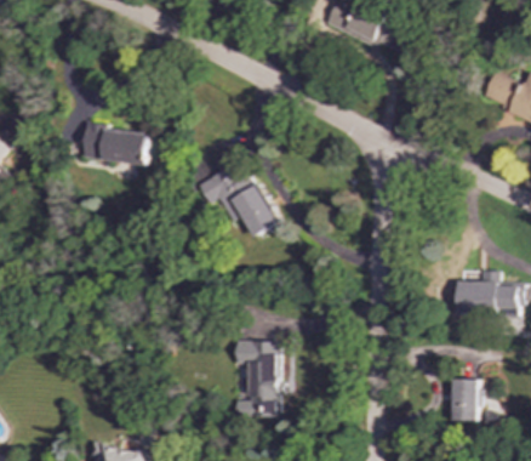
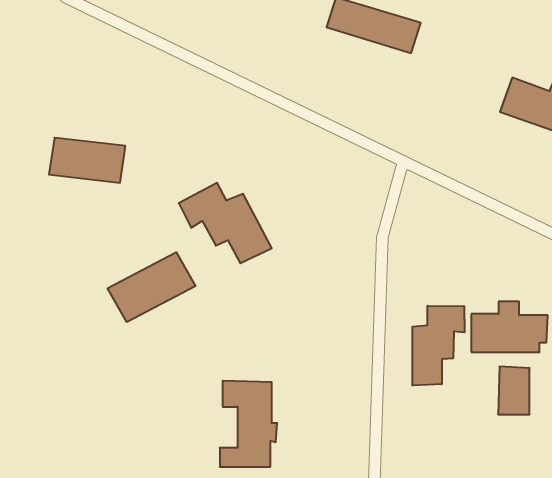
building: none -> [108,252,196,322]
building: none -> [413,306,464,386]
building: [453,377,481,420] -> [498,367,530,414]

